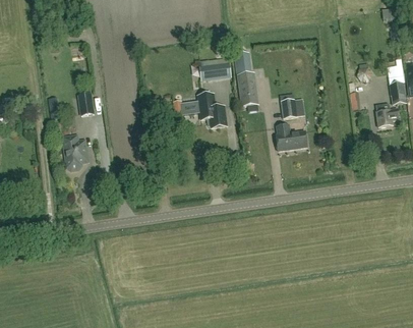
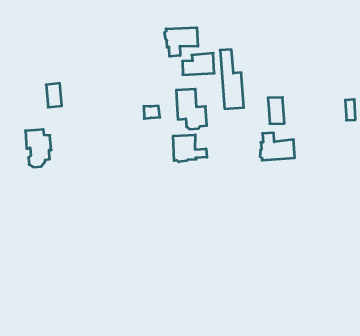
building: none -> [165,28,198,56]
building: none -> [173,135,207,162]

